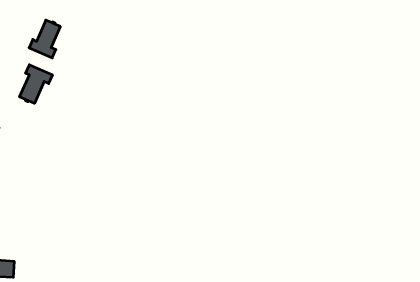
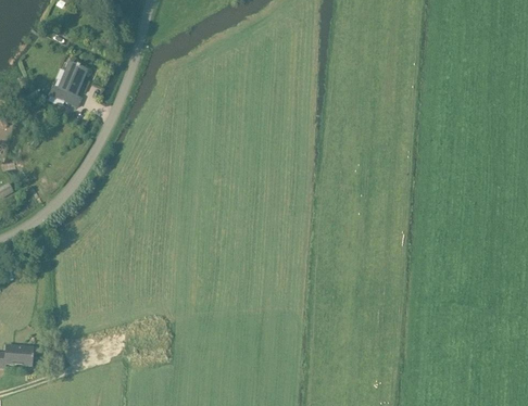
building: [20,65,52,103] -> none

